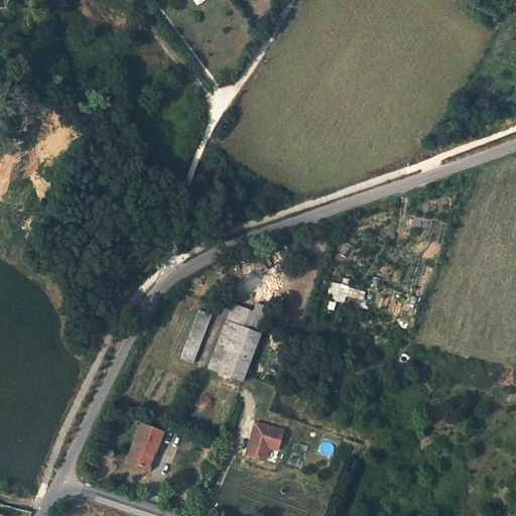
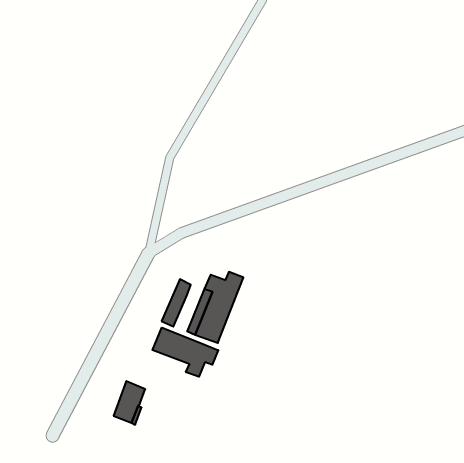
building: none -> [152,328,218,377]
building: [247,421,283,458] -> none

